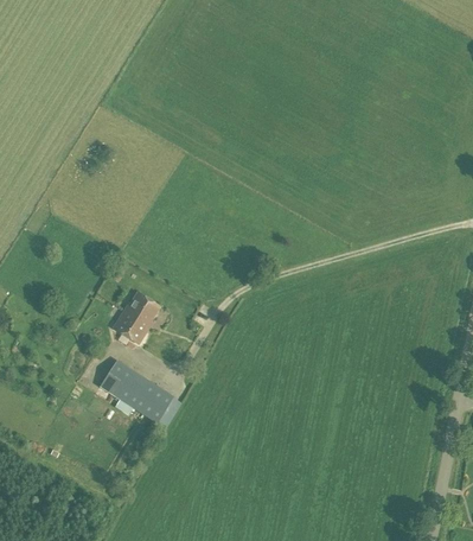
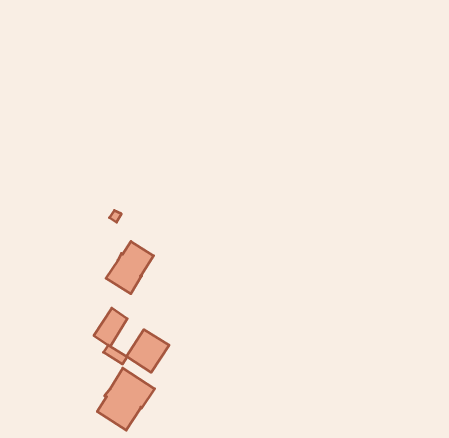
building: none -> [97,368,155,430]

